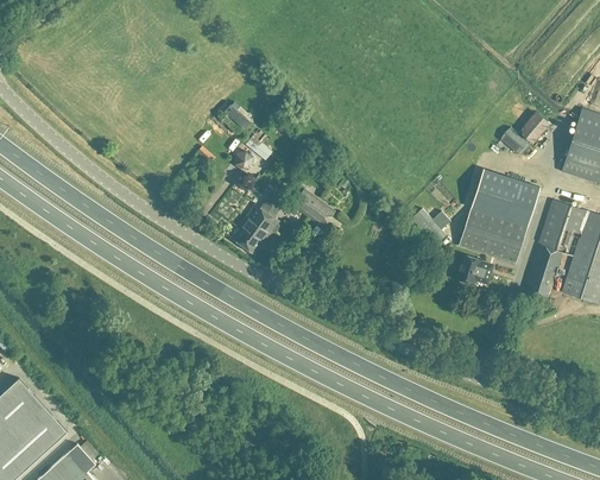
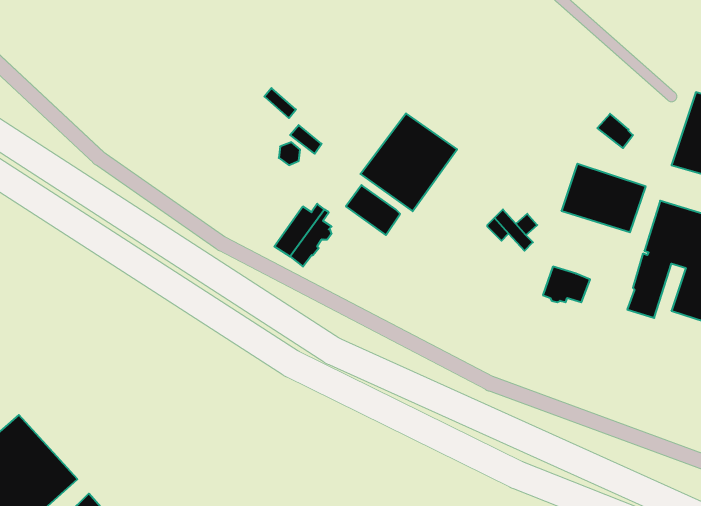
building: [518,110,549,145] -> none
building: none -> [360,113,457,211]
building: [459,208,528,264] -> none

